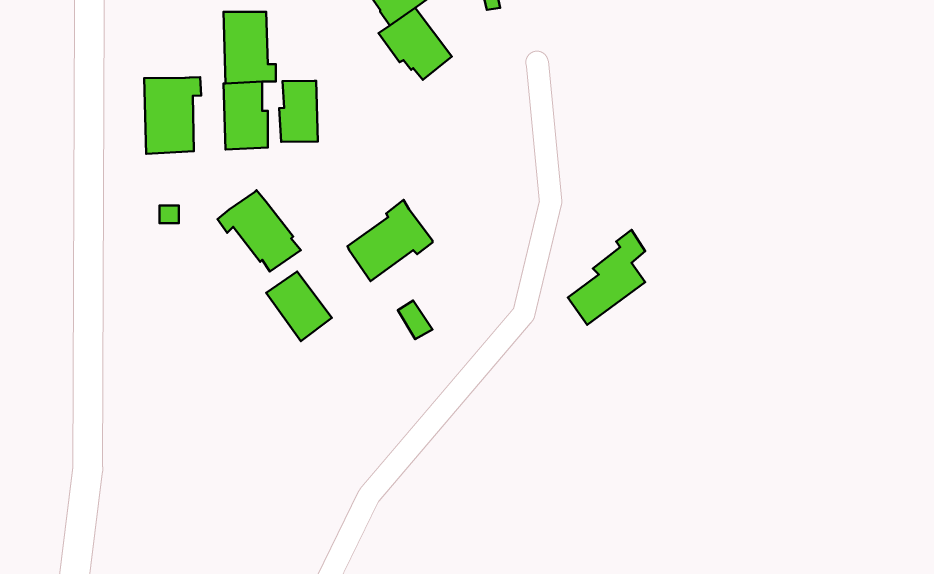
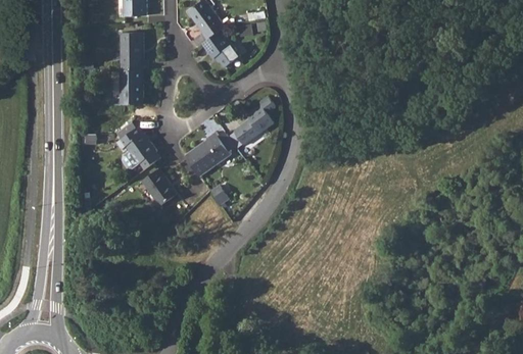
building: [144,77,201,154] -> none
building: [279,81,318,142] -> none
building: [568,230,645,325] -> [233,95,274,145]

